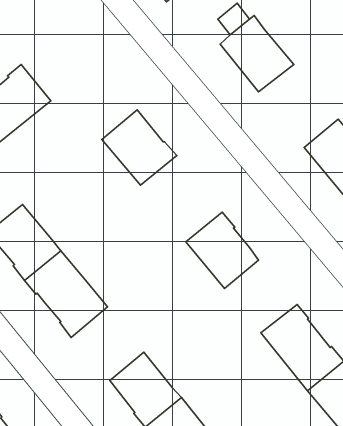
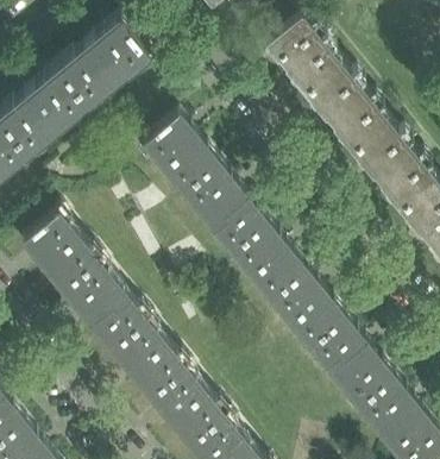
building: none -> [59,21,153,107]
building: none -> [308,69,391,156]
building: none -> [184,164,270,254]
building: none -> [272,273,348,350]
building: none -> [112,322,188,400]

